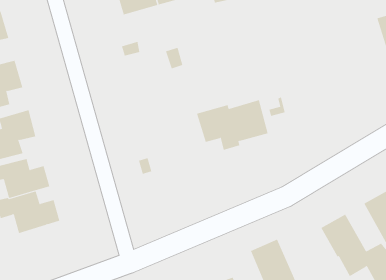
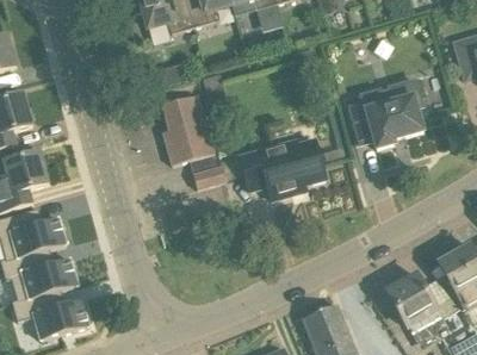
building: none -> [349,79,422,147]
building: none -> [161,92,224,187]
building: none -> [11,286,88,338]

